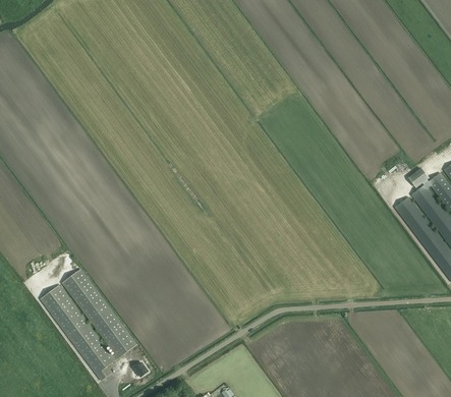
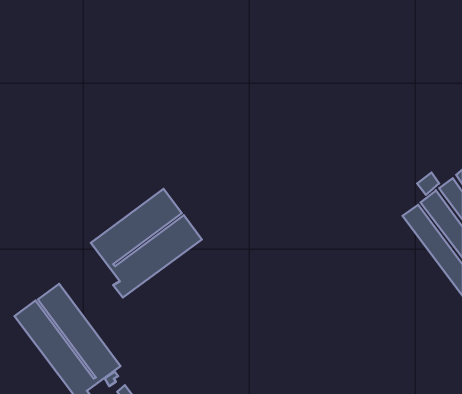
building: none -> [91,189,202,298]

